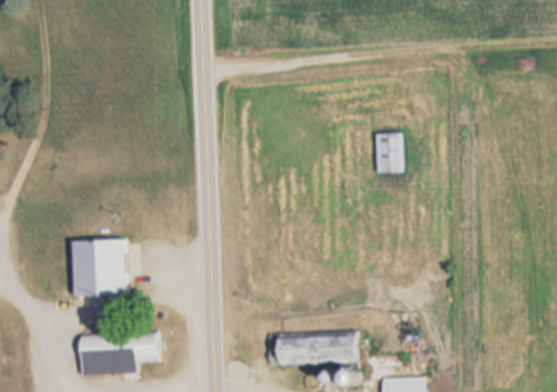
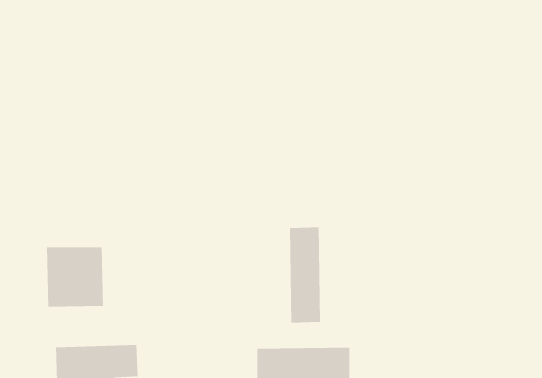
building: [375,131,403,171] -> none
building: none -> [289,226,320,323]

